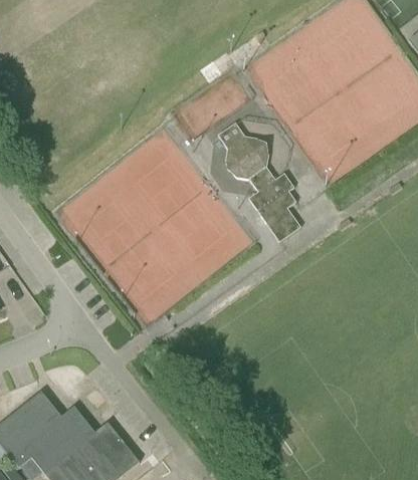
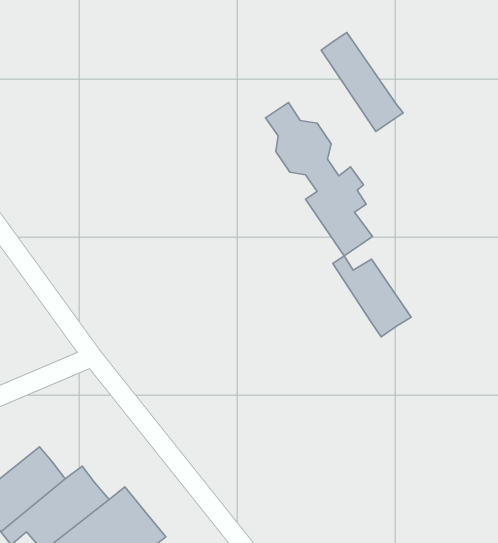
building: none -> [321,32,403,131]
building: none -> [333,256,411,337]

